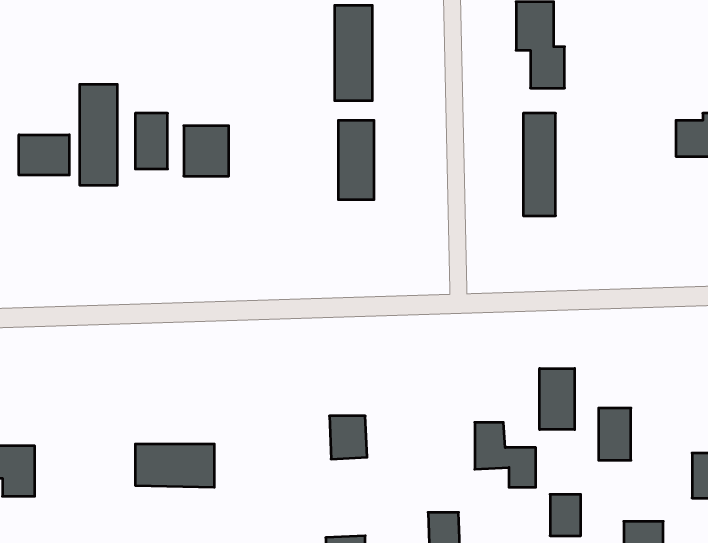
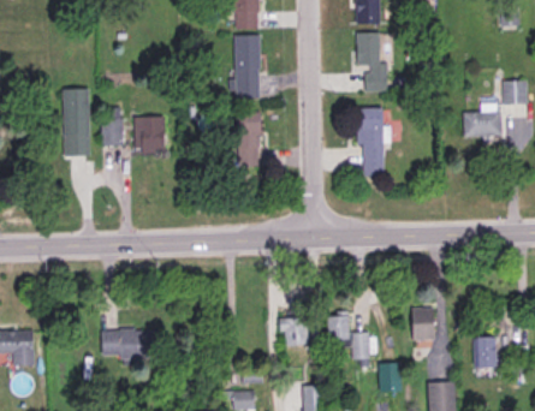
building: [19,135,69,175] -> none
building: [540,368,575,430] -> none
building: [329,416,367,459] -> [279,311,304,340]

